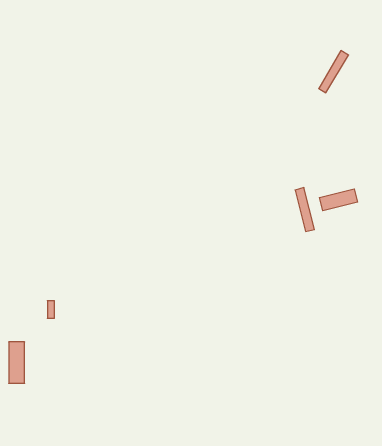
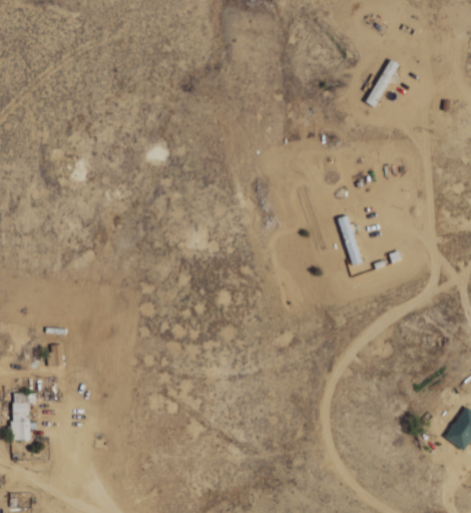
building: [319,189,358,211] -> none

